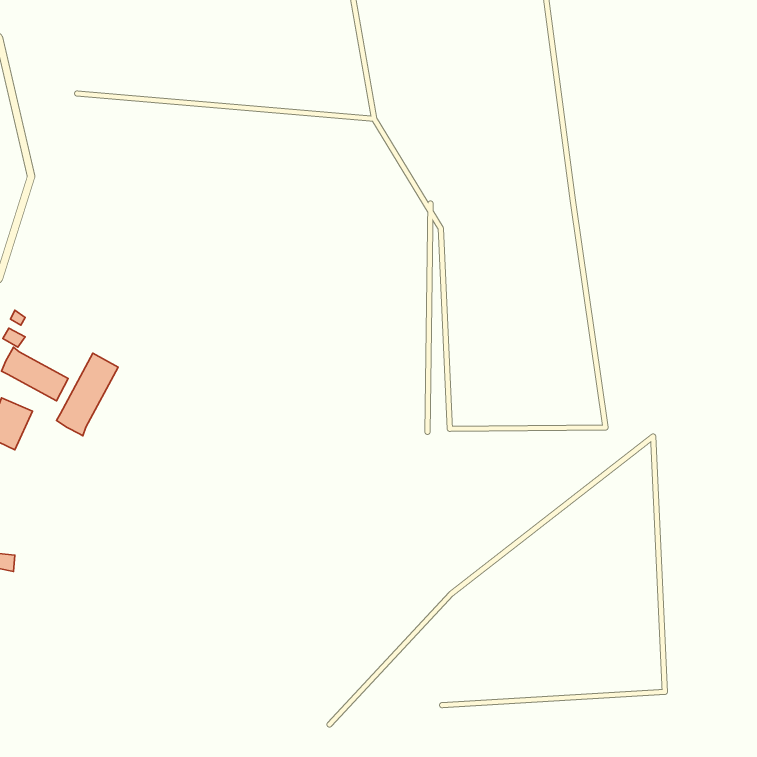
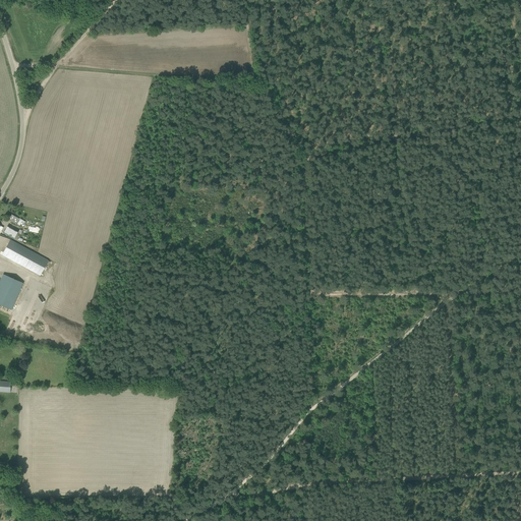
building: [56,353,118,436] -> none

